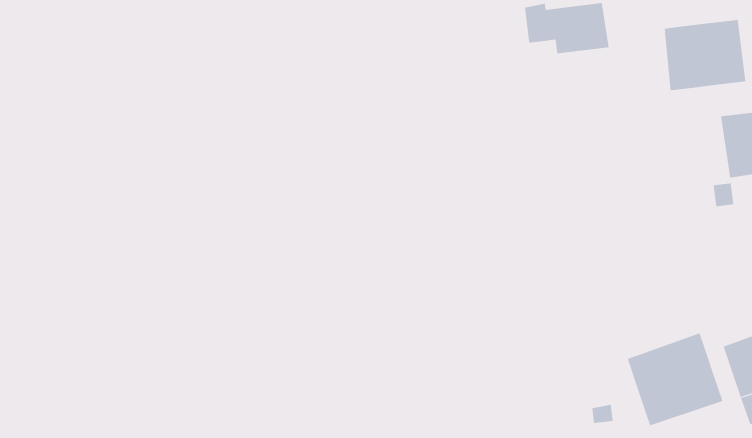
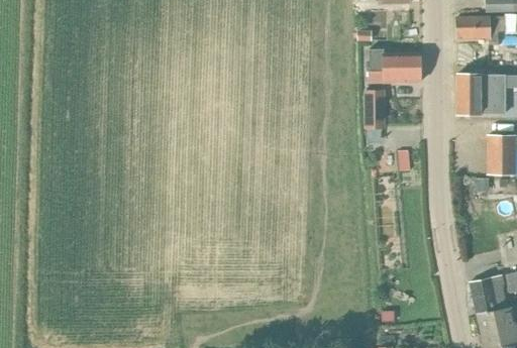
building: none -> [365,90,386,127]
building: [627,333,723,426] -> none

